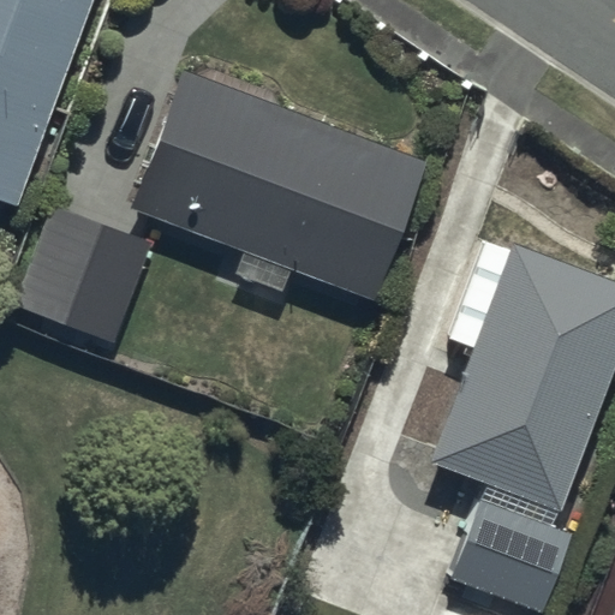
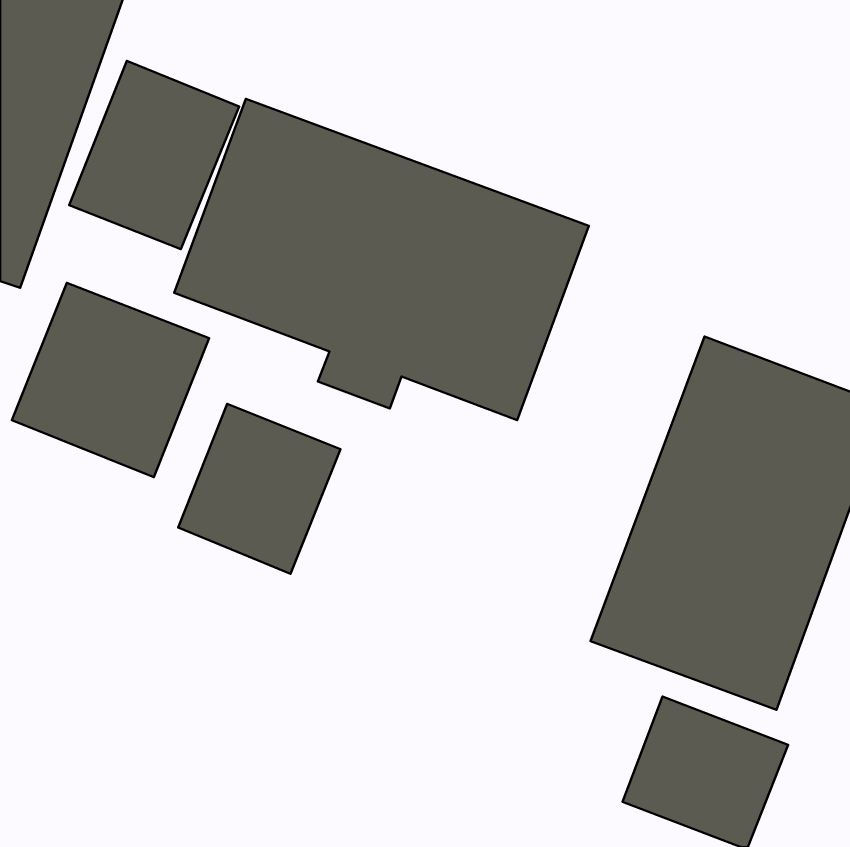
building: none -> [69,61,239,249]
building: none -> [178,404,340,574]

